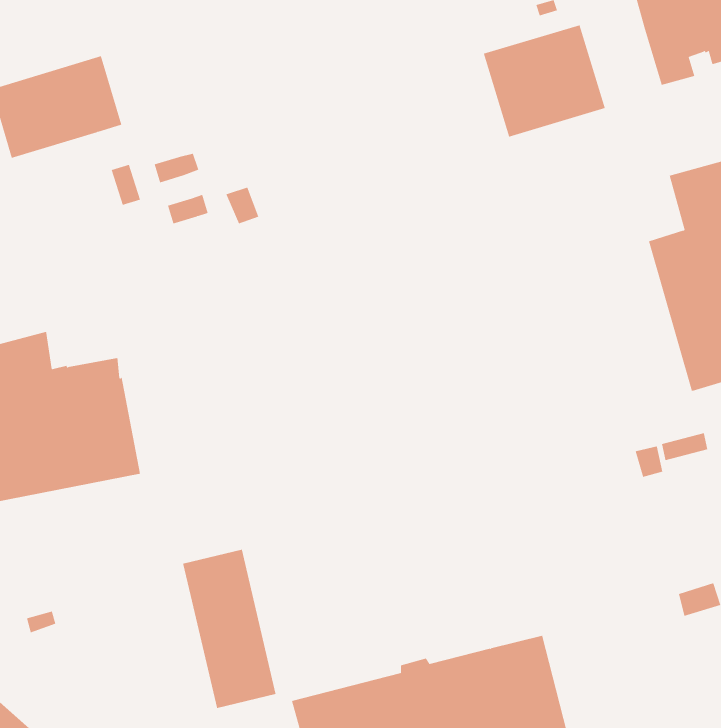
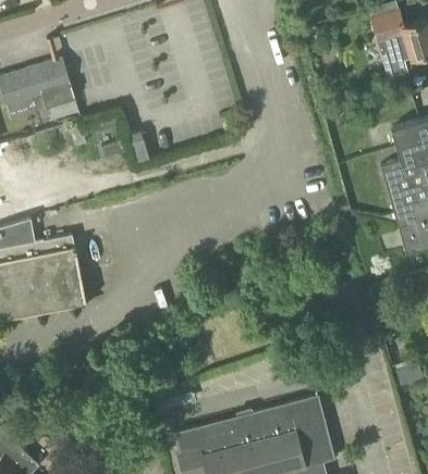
building: [483,24,606,137] -> none
building: [183,549,276,709] -> none

